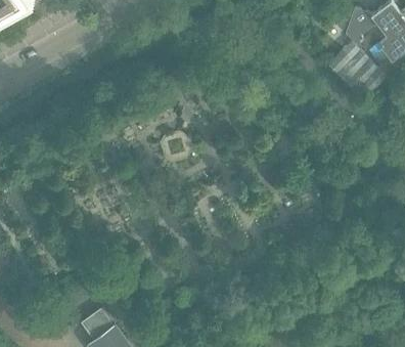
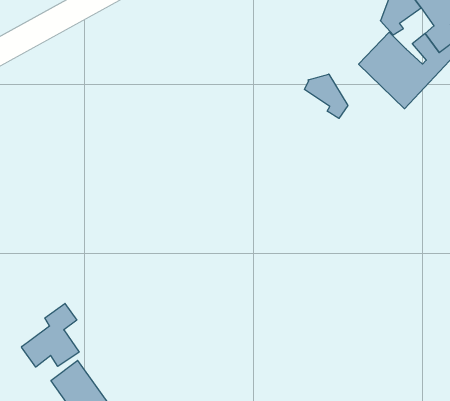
building: none -> [305,74,348,118]
building: none -> [22,303,79,367]

